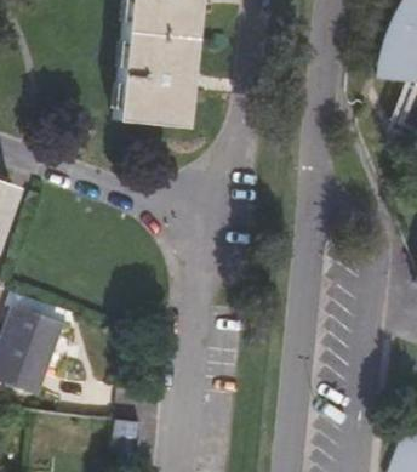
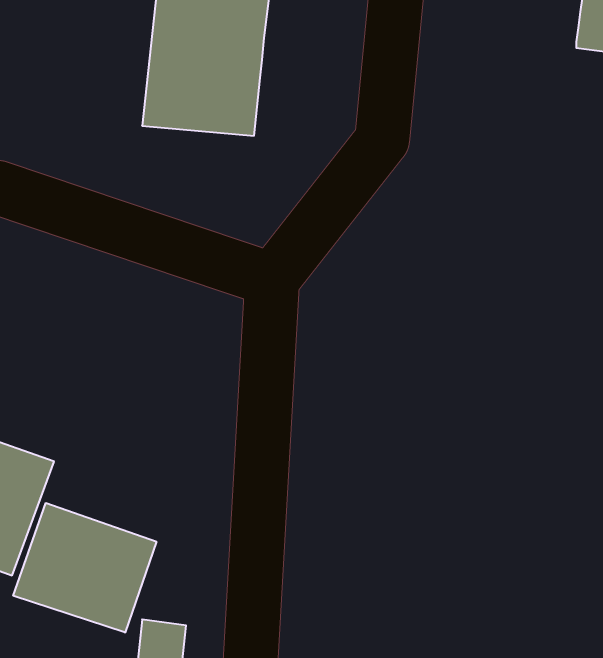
building: none -> [13,503,156,633]

